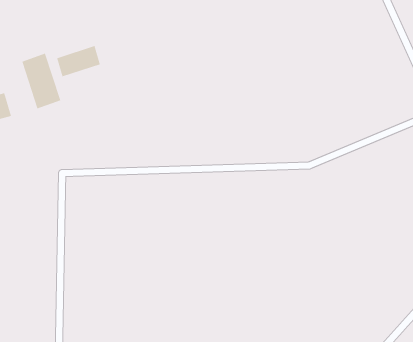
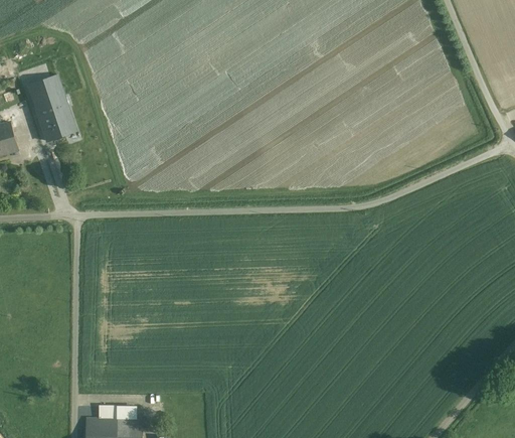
building: [57,45,101,77] -> none

